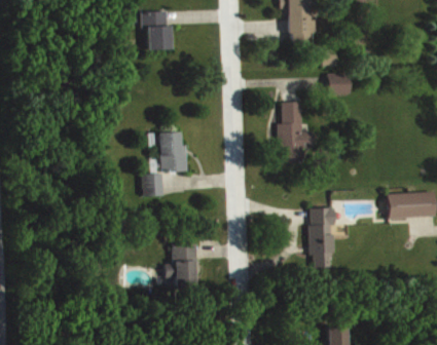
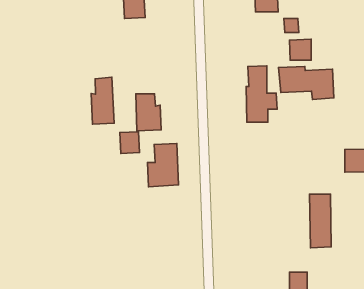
building: none -> [279,66,334,100]
building: none -> [91,77,114,124]
building: [308,208,332,267] -> [310,194,331,248]
building: [165,243,198,291] -> [148,143,179,187]

